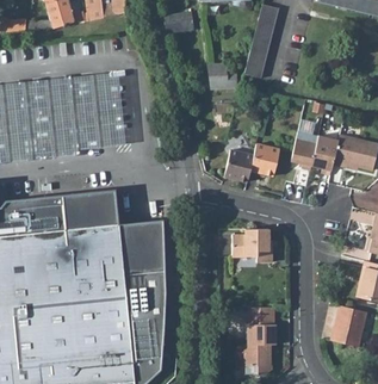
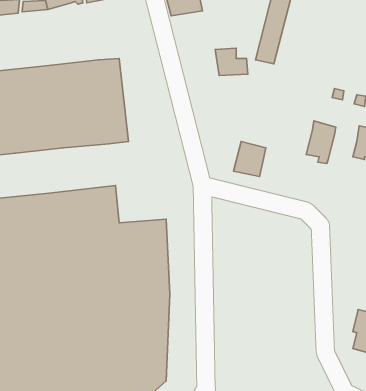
building: [310,135,337,175] -> none
building: [249,144,279,175] -> none
building: [231,229,271,262] -> none
building: [243,305,274,373] -> none

